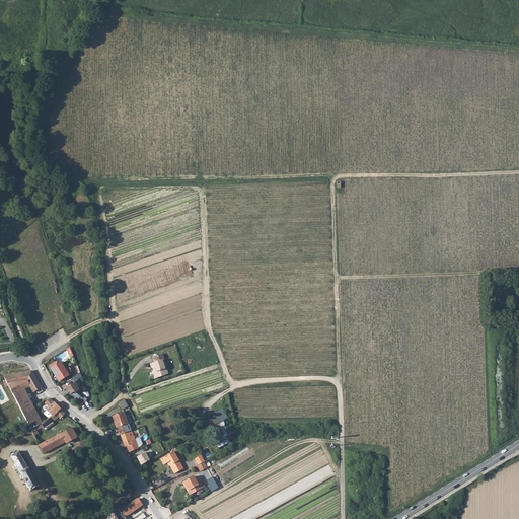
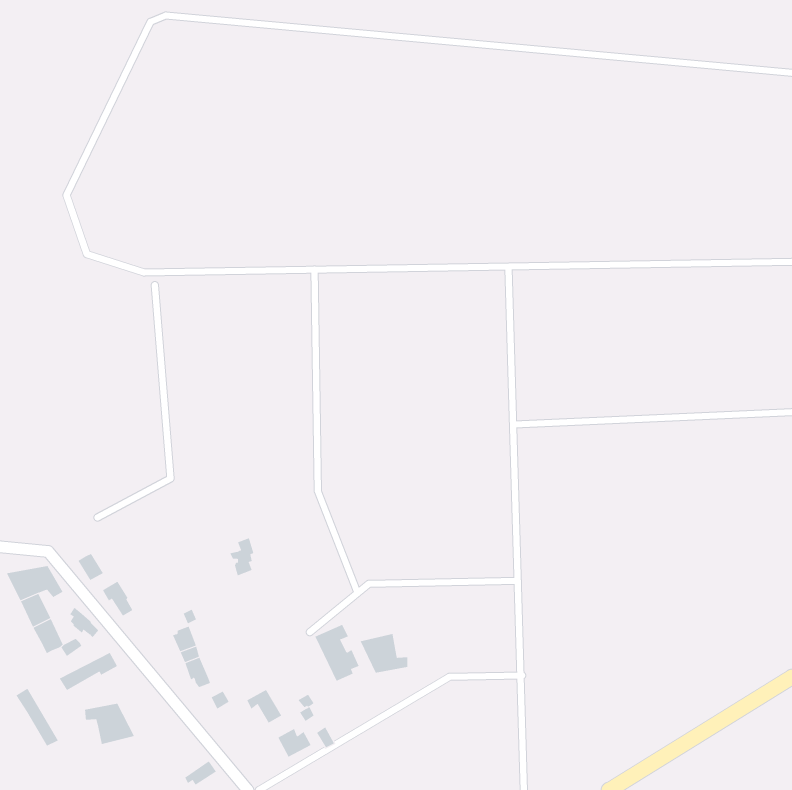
building: none -> [360,633,408,673]
building: none -> [85,703,135,745]

